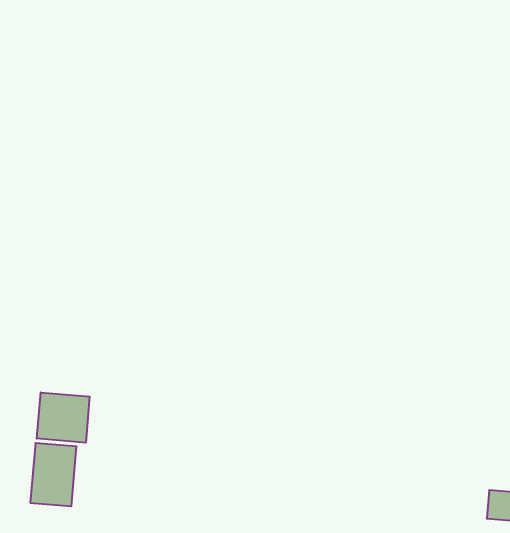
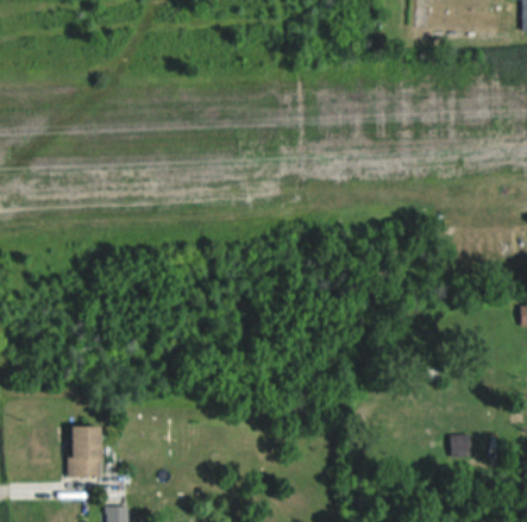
building: [37,392,90,443] -> none

